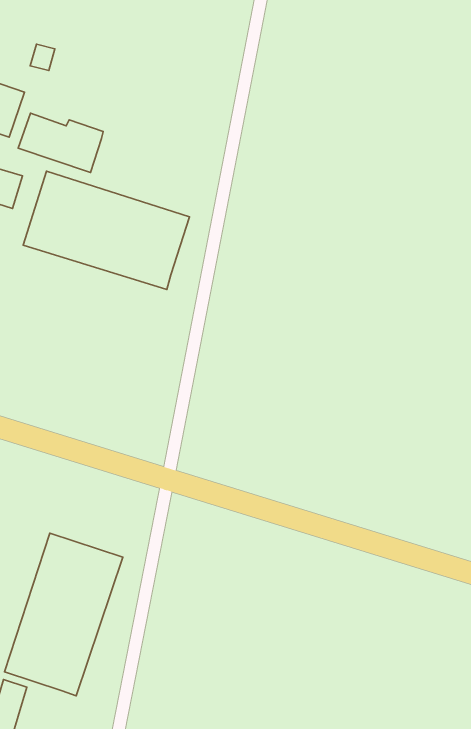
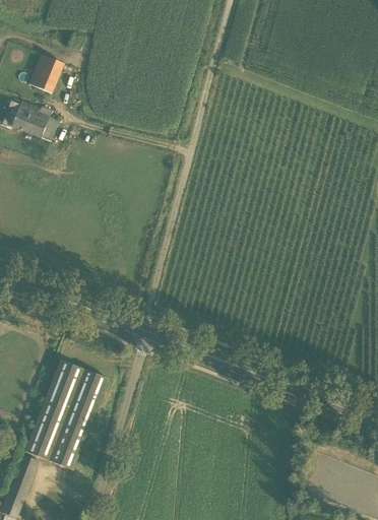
building: [18,113,103,172] -> none
building: [23,171,189,289] -> none

